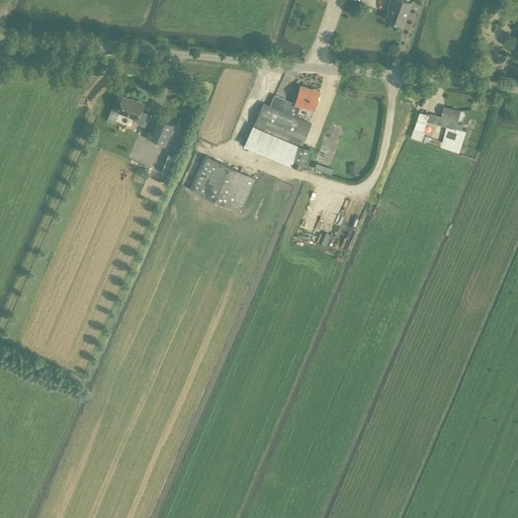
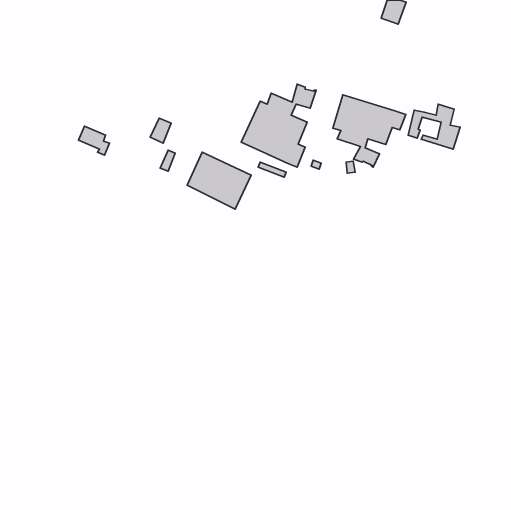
building: [116,96,148,125] -> [78,126,109,155]
building: none -> [333,95,406,167]

